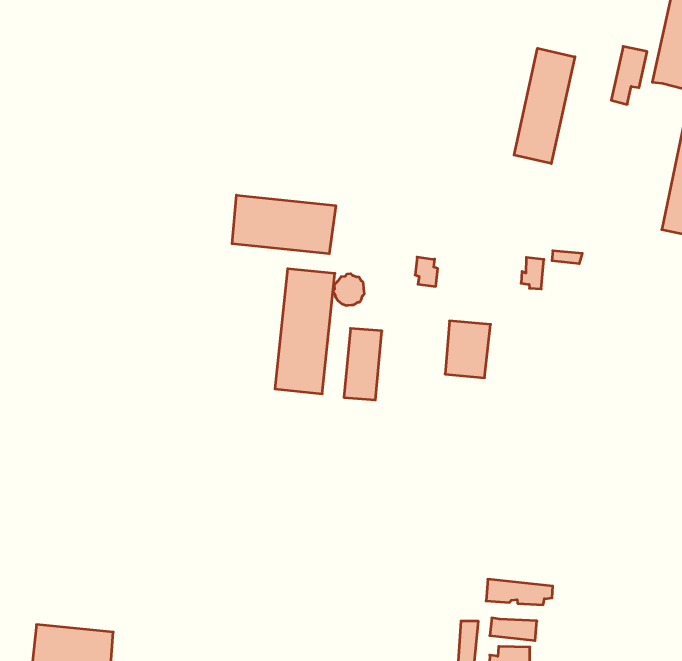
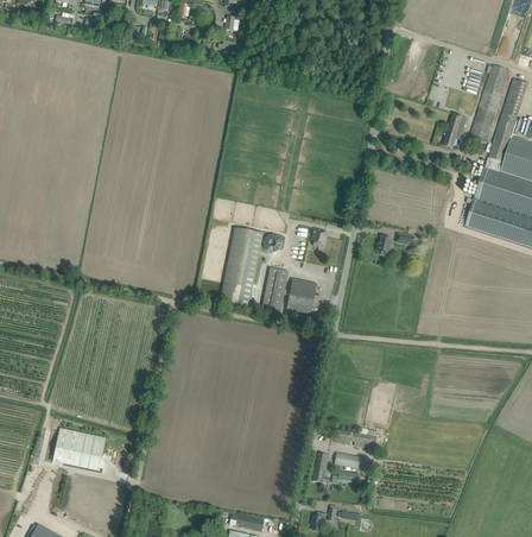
building: [514,48,575,164] -> none
building: [232,195,336,254] -> none
building: [445,321,491,378] -> [286,278,317,315]

